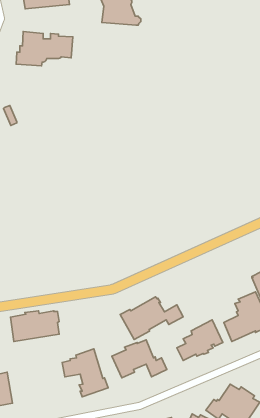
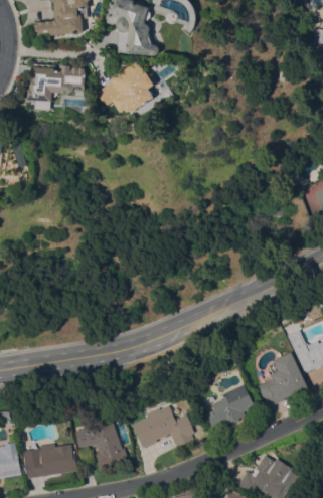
building: none -> [101,61,159,112]
building: [120,297,183,339] -> none
building: [10,311,59,341] -> [22,444,76,478]

